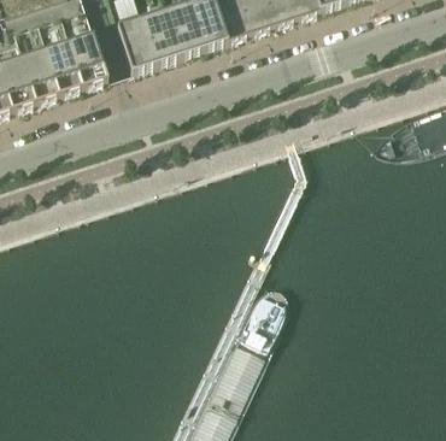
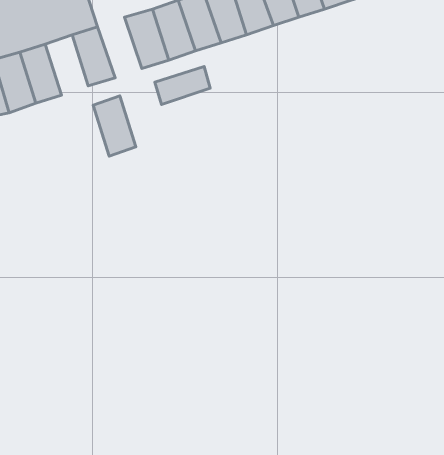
building: [43,37,82,92] -> [93,96,136,156]
building: none -> [155,67,210,105]

